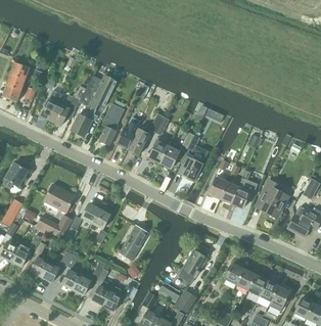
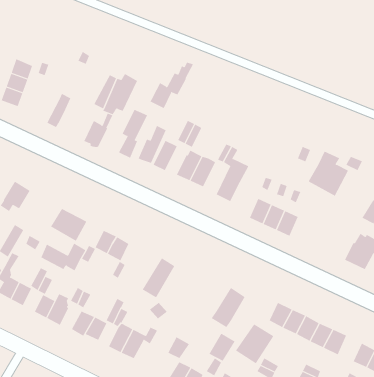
building: [49,86,86,125] -> [149,62,194,109]
building: [255,180,288,218] -> [308,151,349,196]
building: none -> [235,324,274,364]

